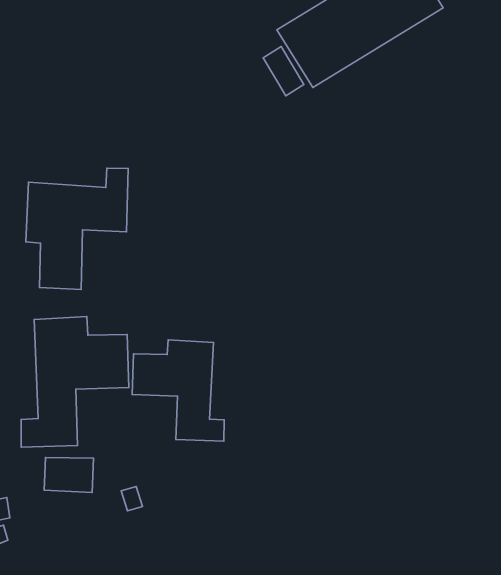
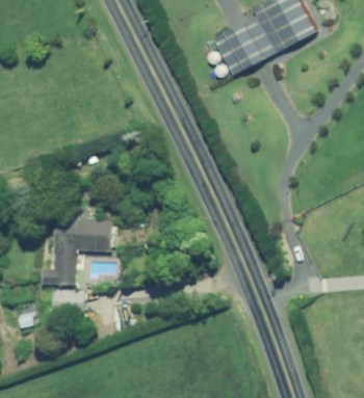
building: [26,168,128,290] -> none
building: [132,340,224,441] -> none

